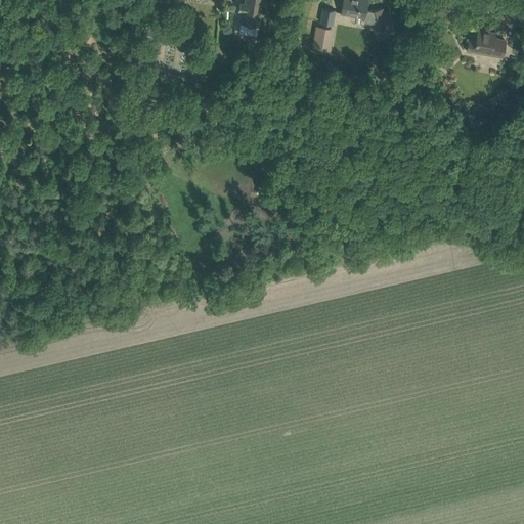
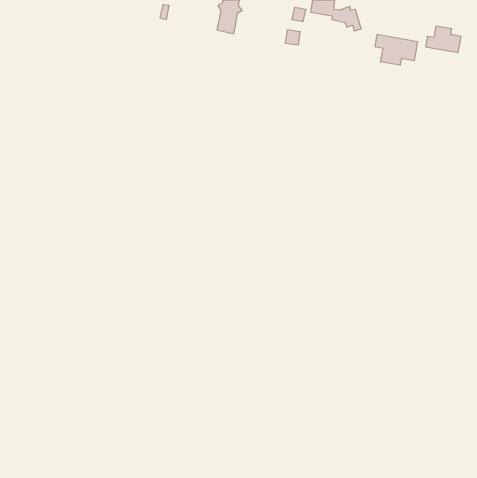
building: none -> [375,34,417,65]

